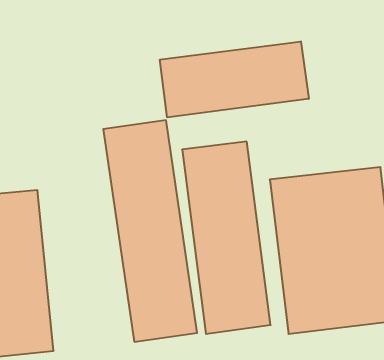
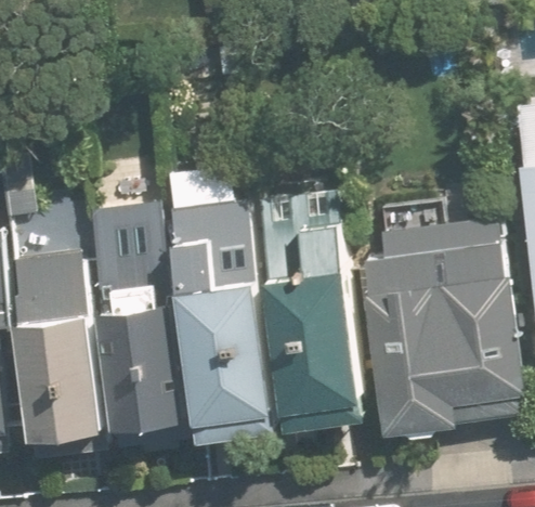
building: [160,41,309,117] -> none
building: none -> [88,208,183,445]

